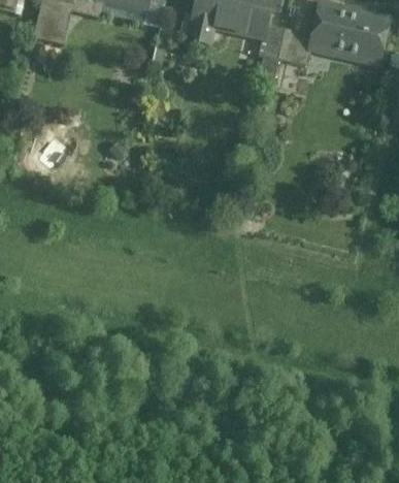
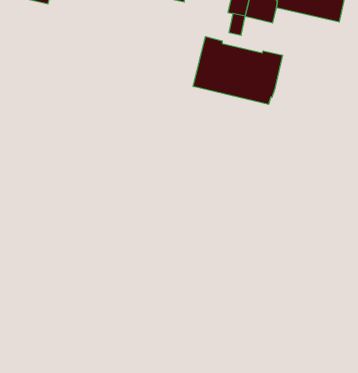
building: none -> [193,37,283,104]

